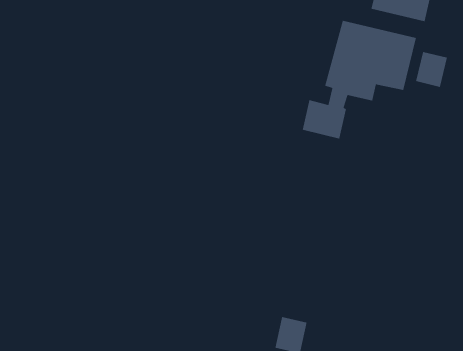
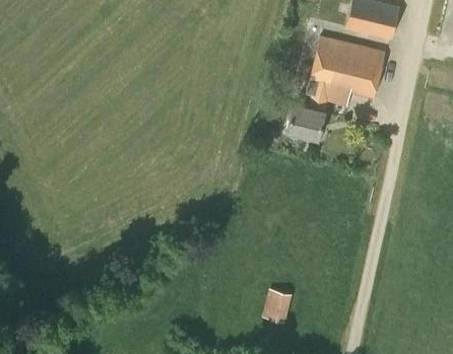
building: [415,51,448,88] -> none

